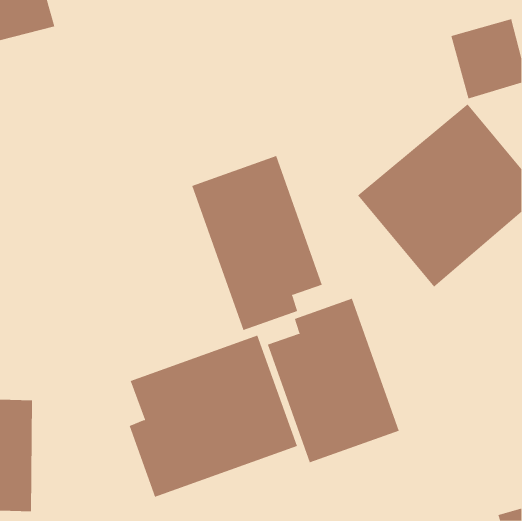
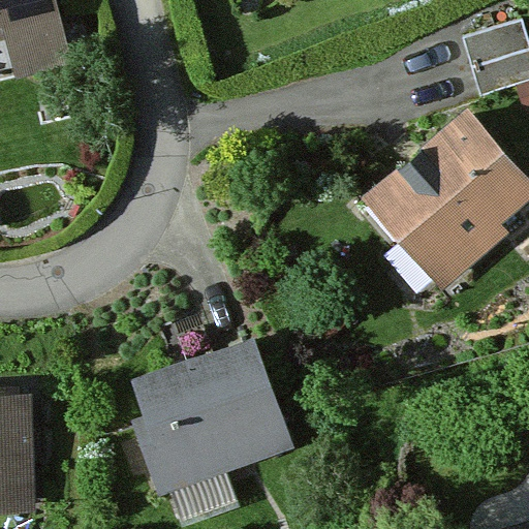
building: [191,155,323,331] -> none
building: [267,298,400,463] -> none

